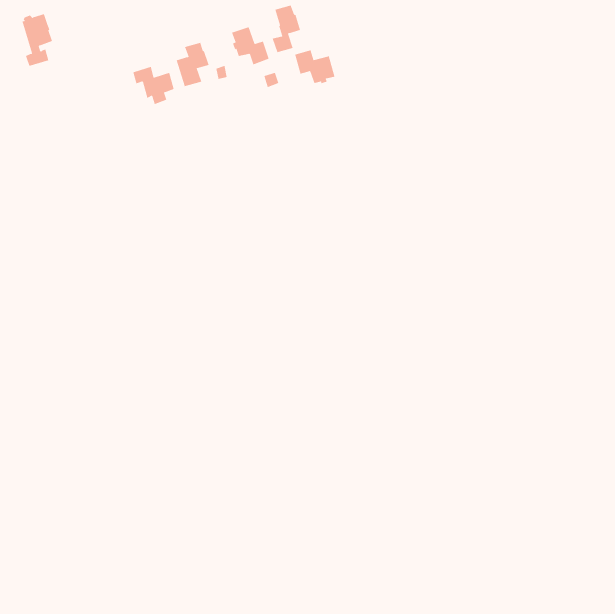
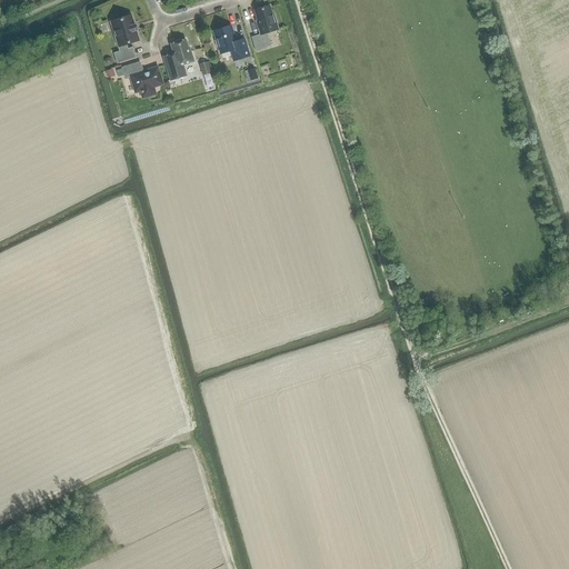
building: [22,14,53,67] -> [110,13,139,62]
building: [295,50,335,84] -> none

